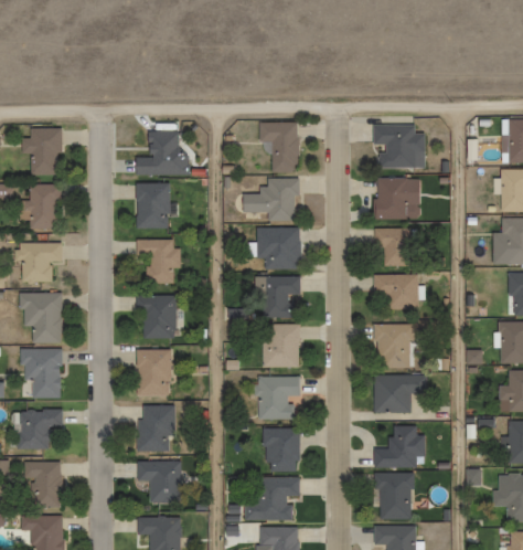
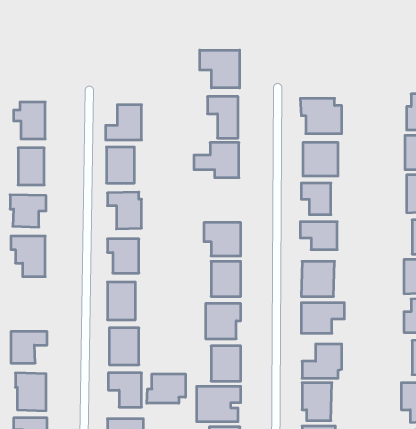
building: none -> [200,50,240,88]
building: [257,228,300,269] -> none
building: [21,348,61,398] -> none
building: none -> [147,374,185,403]

